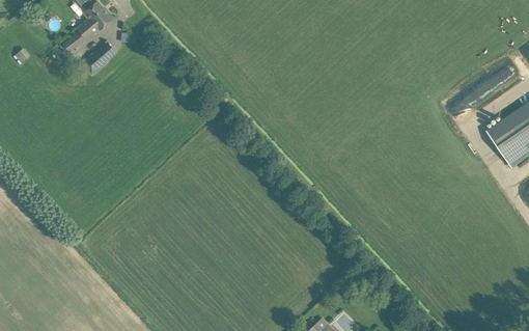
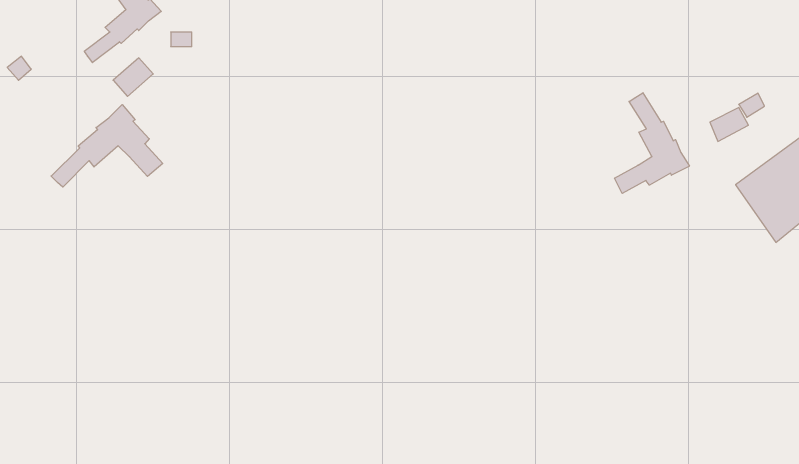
building: none -> [615,93,689,193]
building: none -> [51,105,163,187]

